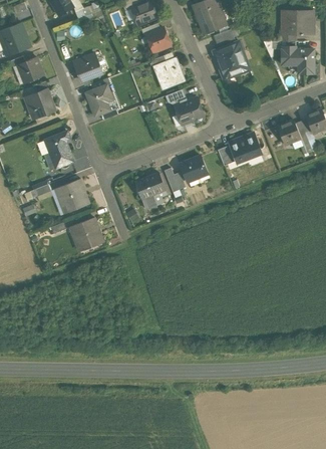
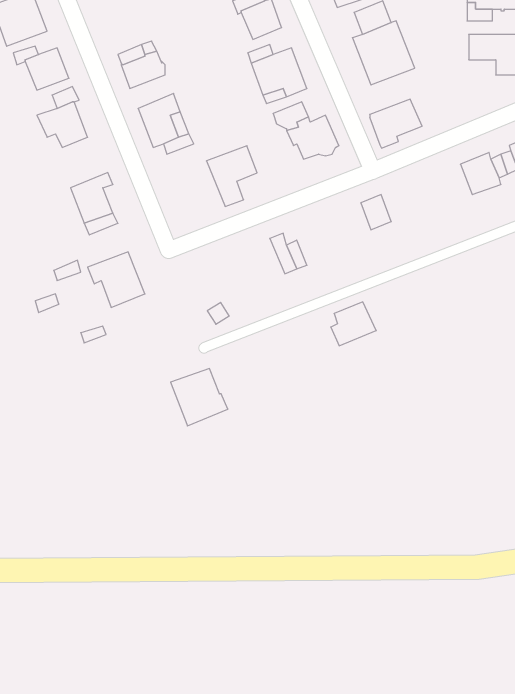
building: [230,134,261,163] -> [370,99,422,148]
building: [182,156,209,182] -> [331,302,376,346]
building: [134,173,165,209] -> [206,146,257,206]
building: [70,218,104,252] -> [171,369,228,426]

